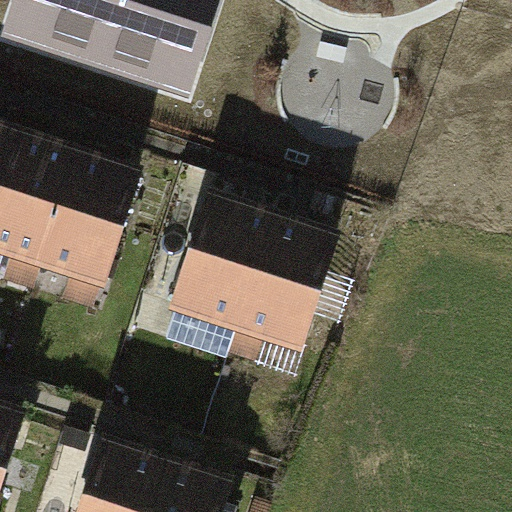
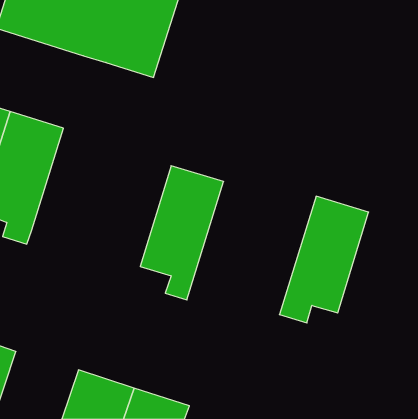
building: [38,154,140,313] -> none
building: [224,218,331,370] -> [279,196,369,323]

